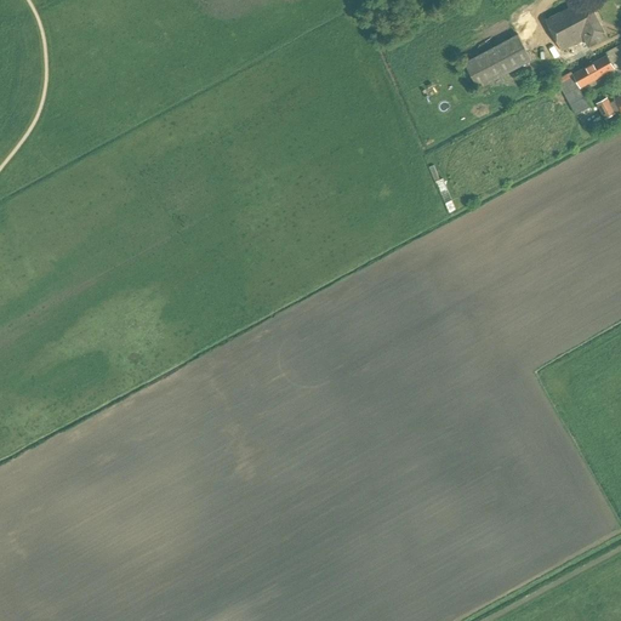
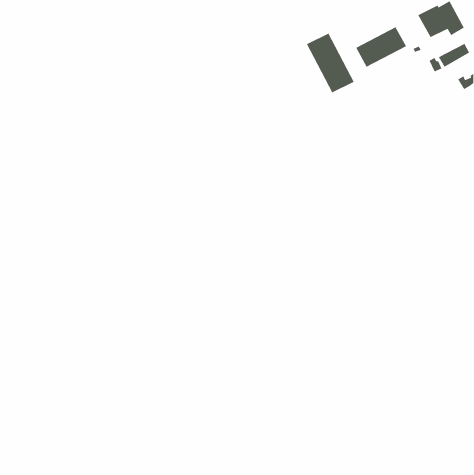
building: none -> [306,32,355,93]

